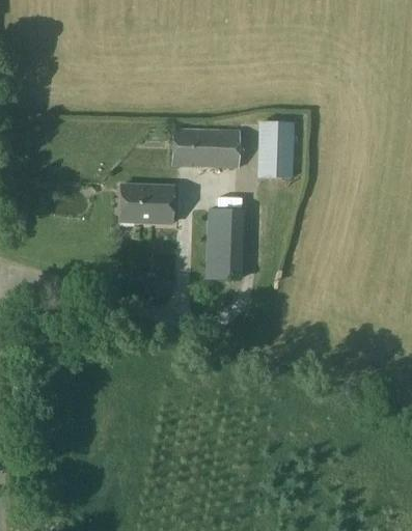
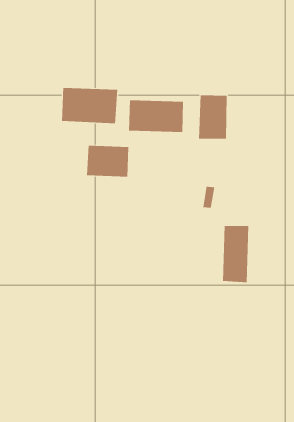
building: none -> [61,87,118,124]
building: [207,208,240,279] -> [222,226,249,283]

